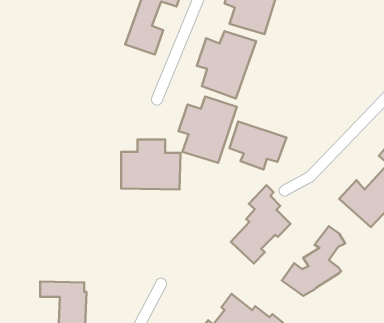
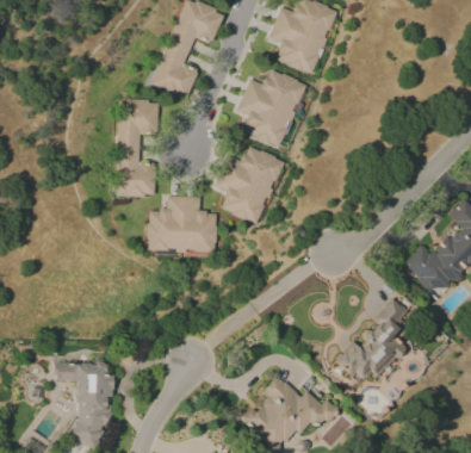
building: none -> [116,100,159,197]
building: [230,122,286,169] -> none
building: [231,185,291,264] -> none

